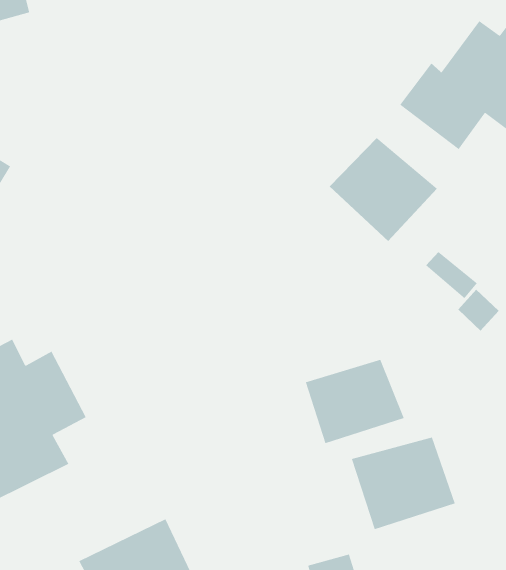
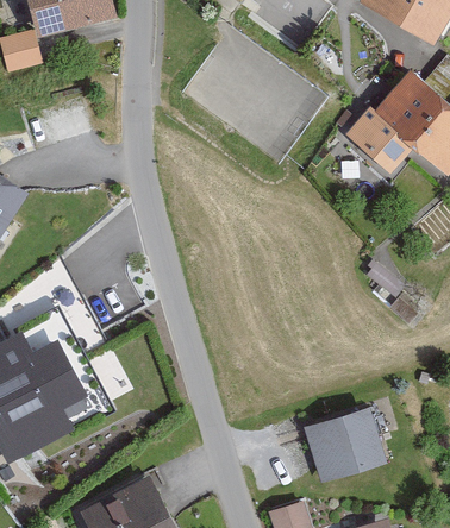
building: [329,137,438,242] -> none
building: [305,359,405,444] -> none

